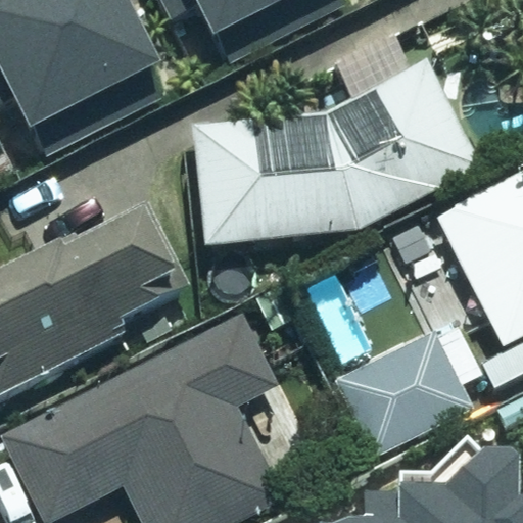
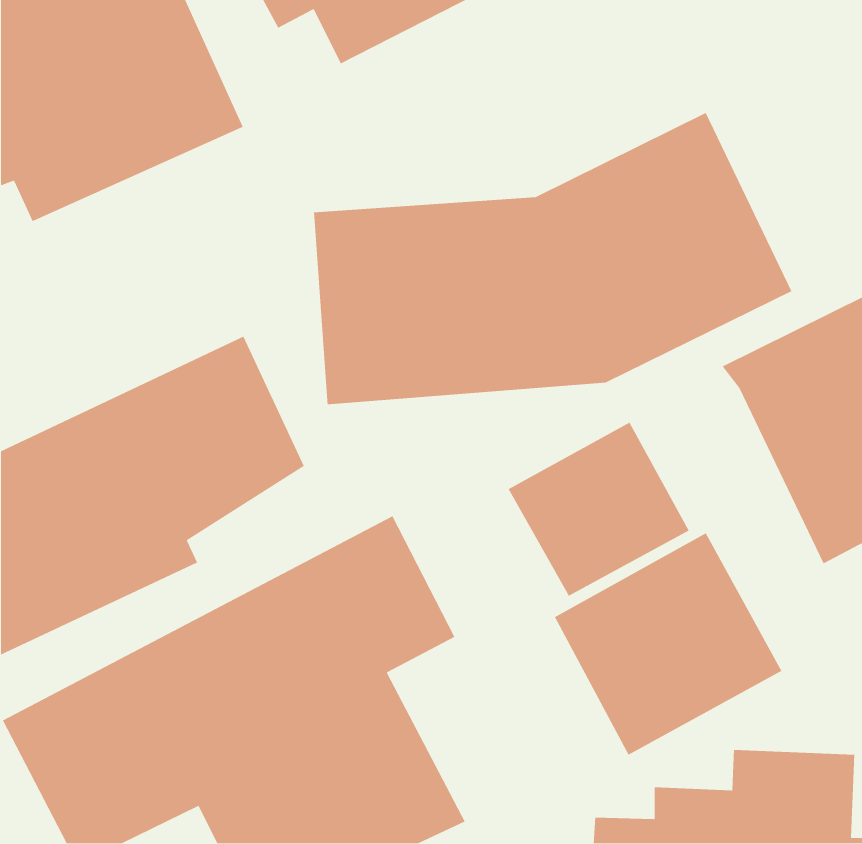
building: none -> [508,422,690,597]

